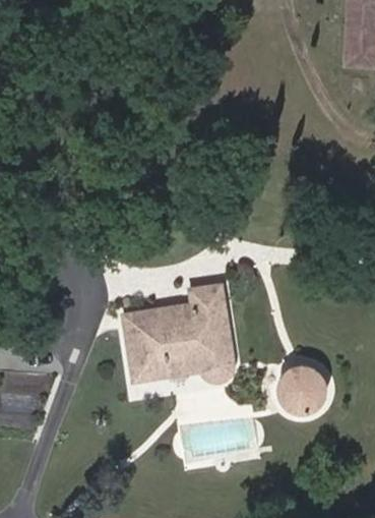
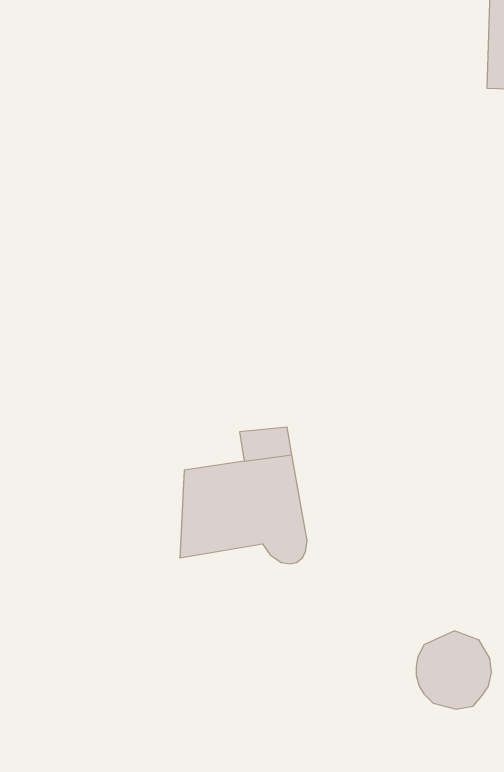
building: [125,318,148,378] -> none
building: [277,365,327,417] -> [416,631,492,709]

